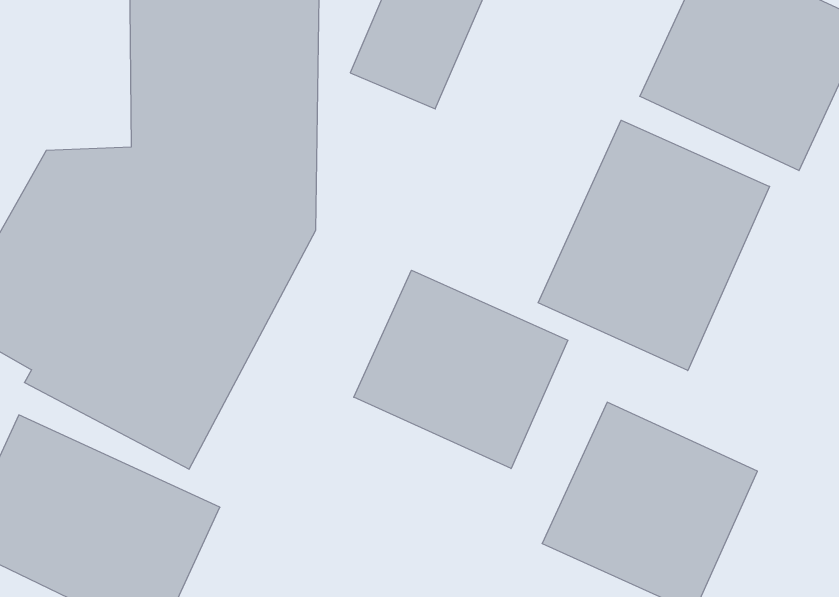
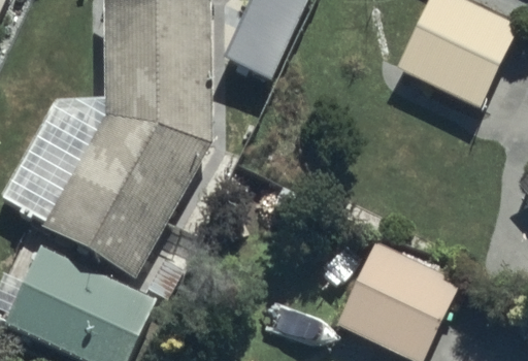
building: [538,120,770,371] -> none
building: [354,270,568,469] -> none

